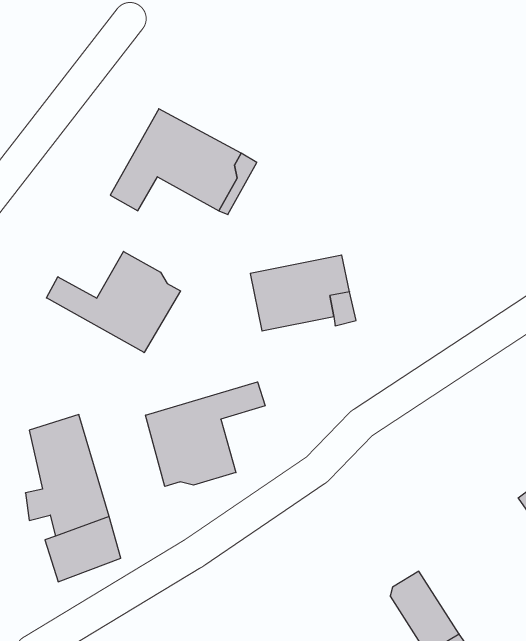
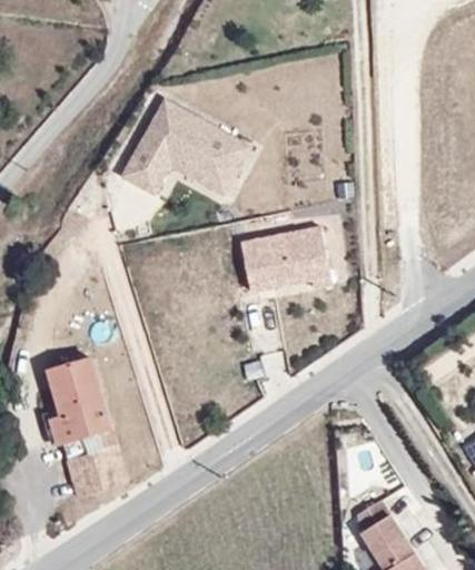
building: [46,251,181,353] -> none
building: [146,382,265,486] -> none

